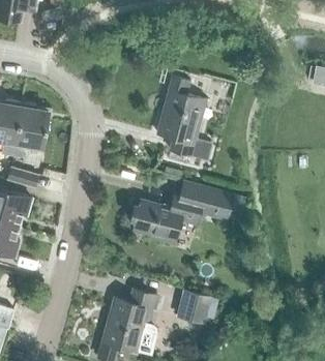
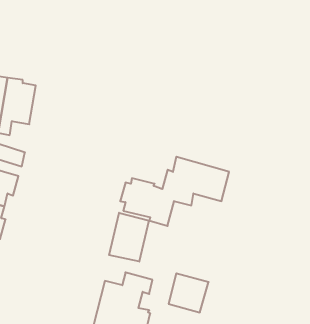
building: [158,78,212,166] -> none
building: none -> [109,213,149,262]

